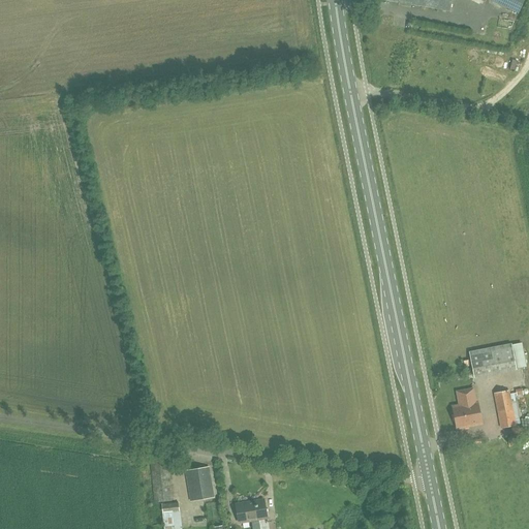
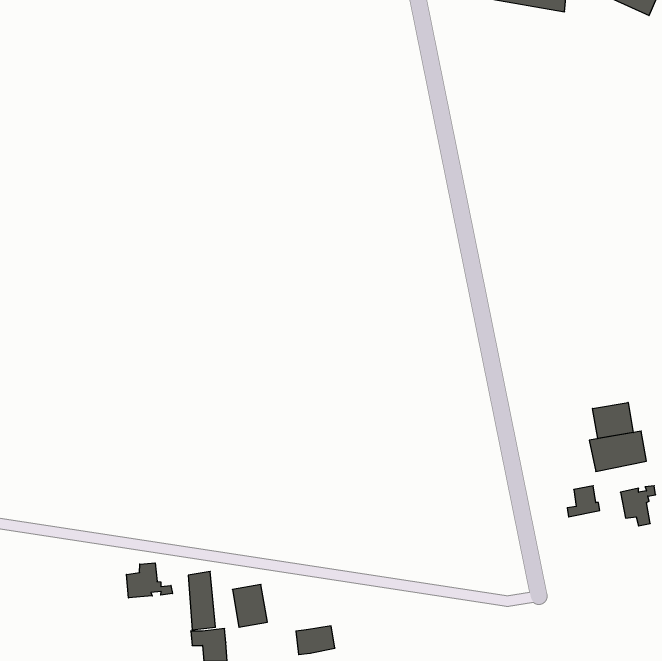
building: none -> [593,402,633,439]
building: [453,406,480,427] -> none
building: none -> [126,563,172,598]

